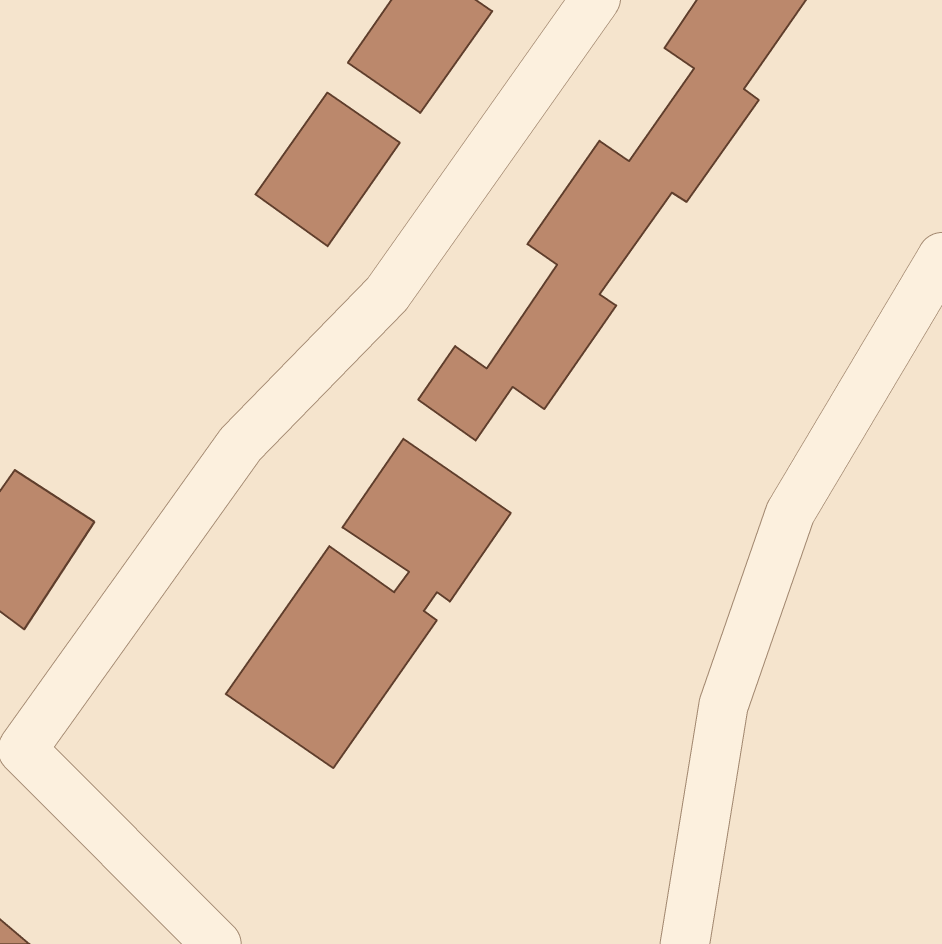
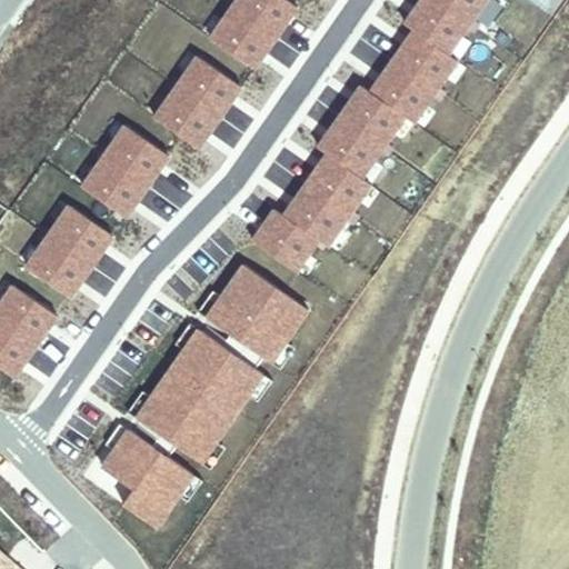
building: none -> [81,124,168,217]
building: none -> [26,204,112,297]
building: none -> [101,429,192,527]

